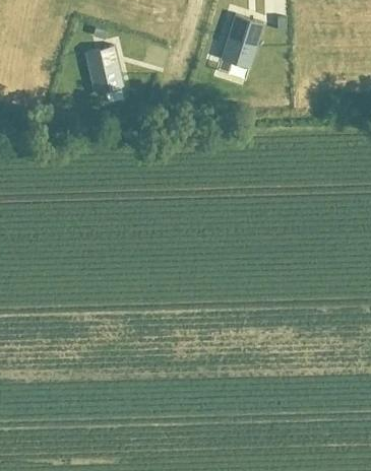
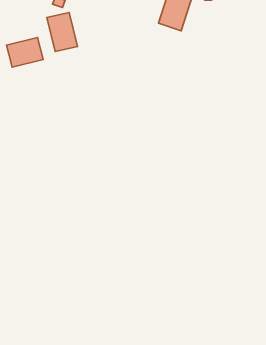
building: none -> [6,38,43,67]

